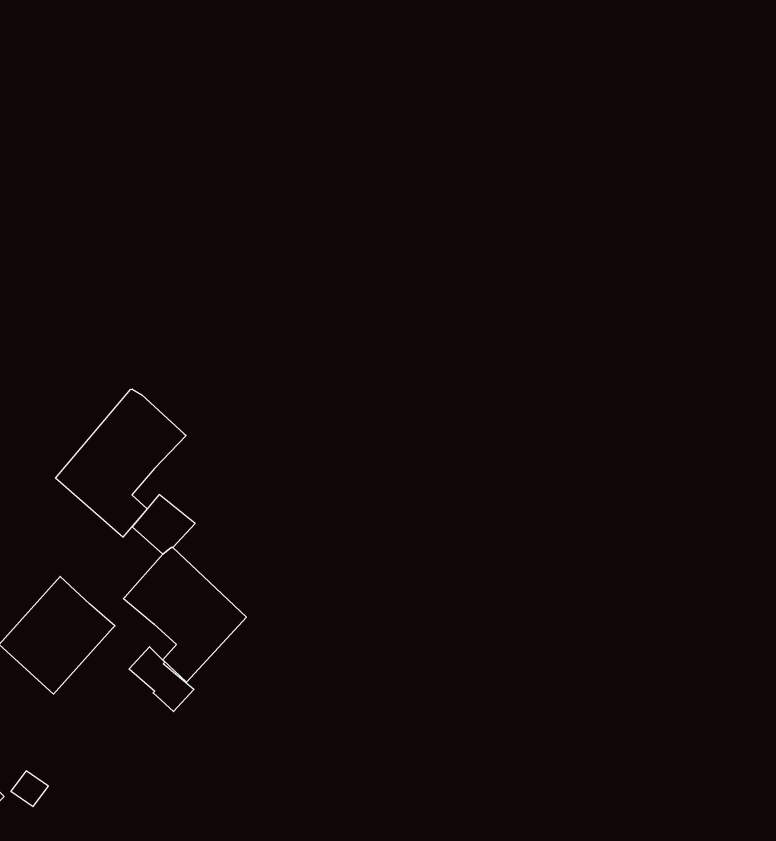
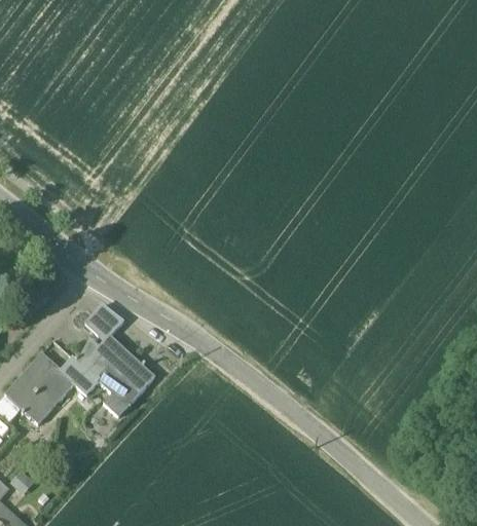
building: [56,389,186,537] -> none
building: [129,647,194,712] -> [60,355,99,394]

